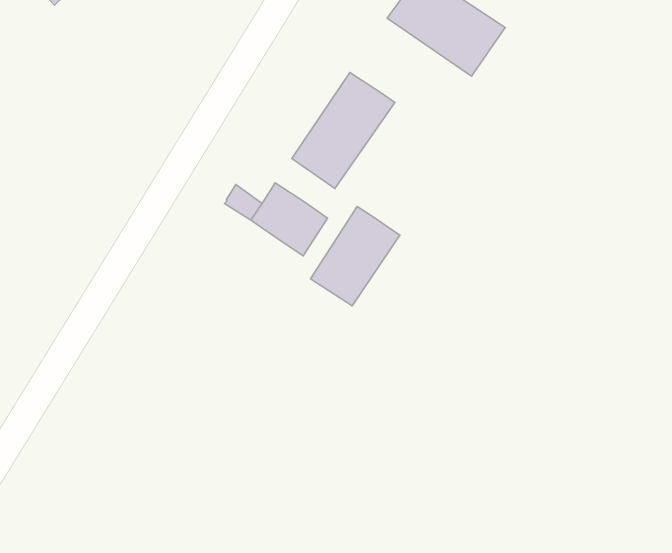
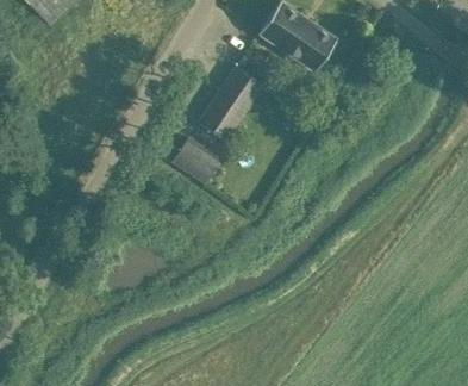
building: [310,207,400,306] -> none

